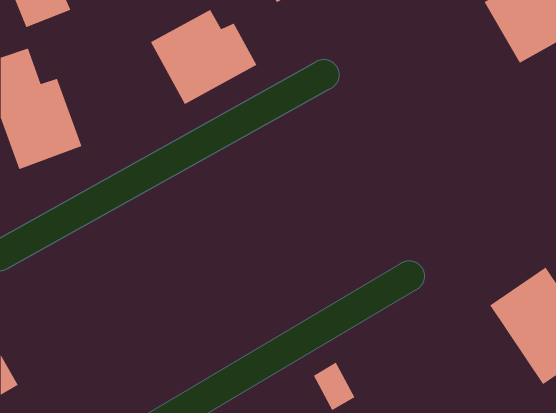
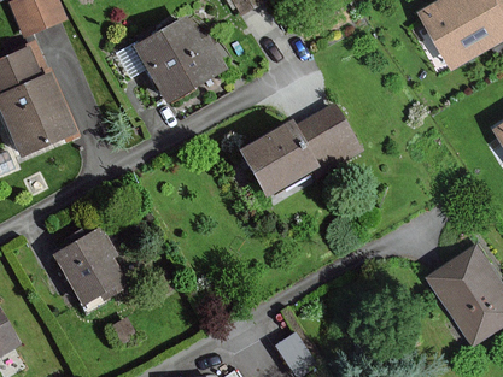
building: none -> [239,99,356,198]
building: none -> [49,234,123,307]

